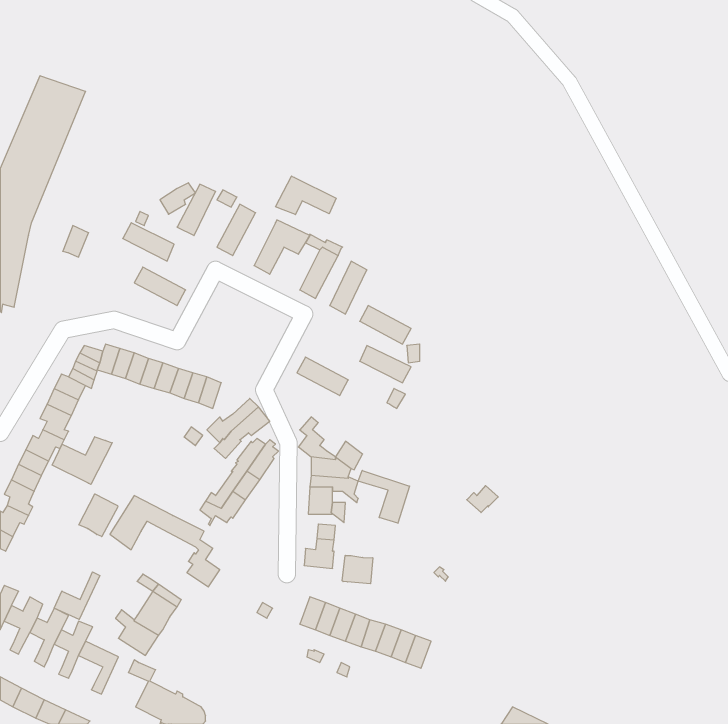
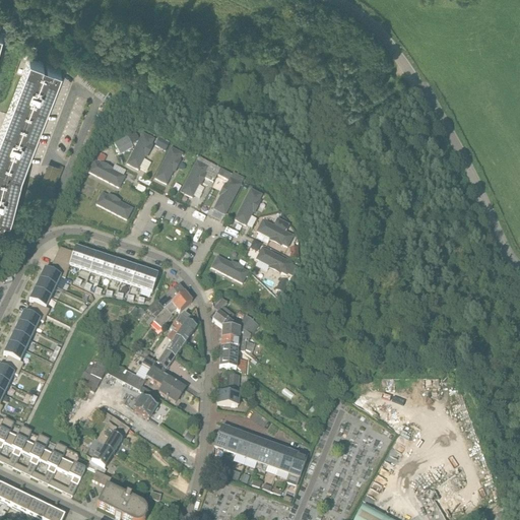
building: [276,176,336,215] -> none
building: [52,437,112,484] -> none
building: [358,470,410,523] -> none
building: [79,494,118,537] -> none
building: none -> [150,367,185,400]
building: [342,555,373,584] -> none
building: [54,572,100,619] -> none

